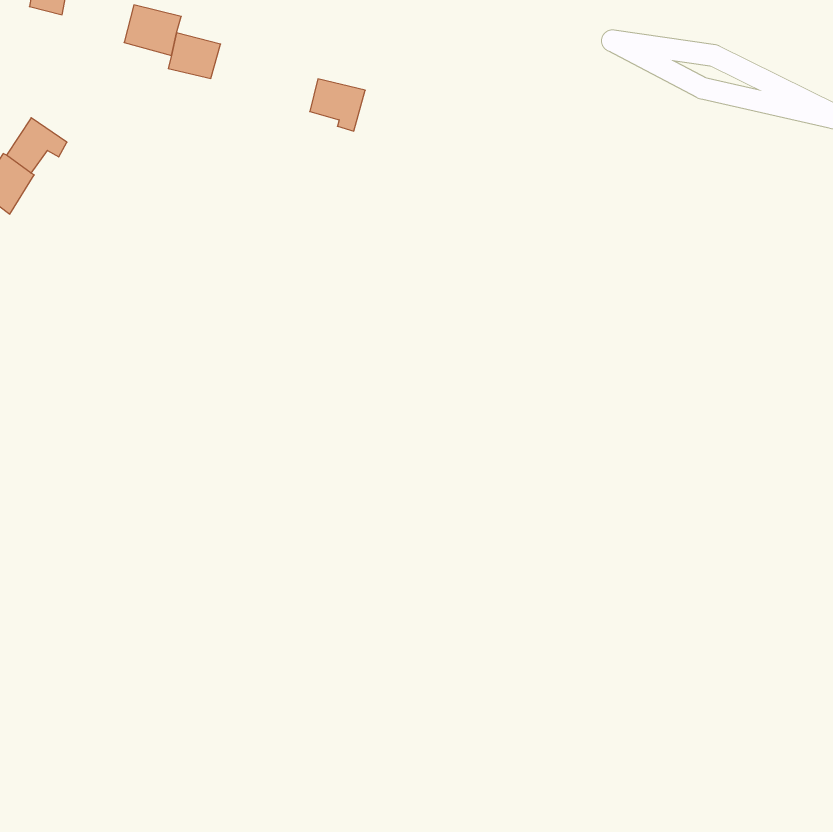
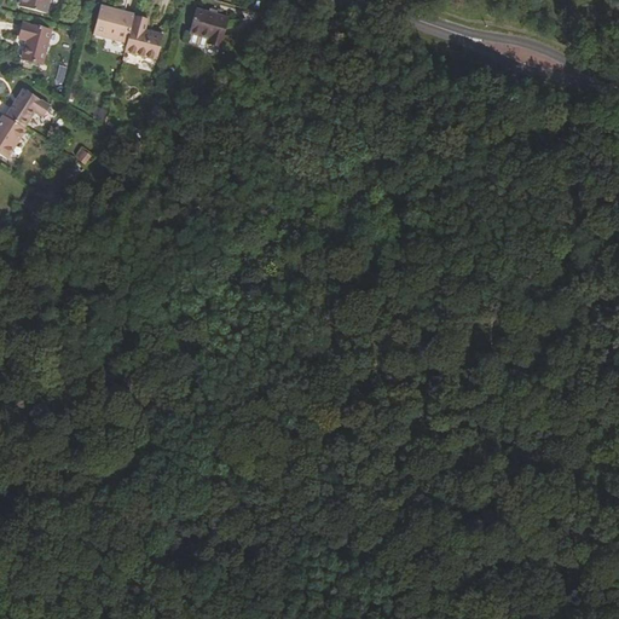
building: none -> [18,22,50,62]
building: [310,79,365,131] -> [189,6,230,45]

